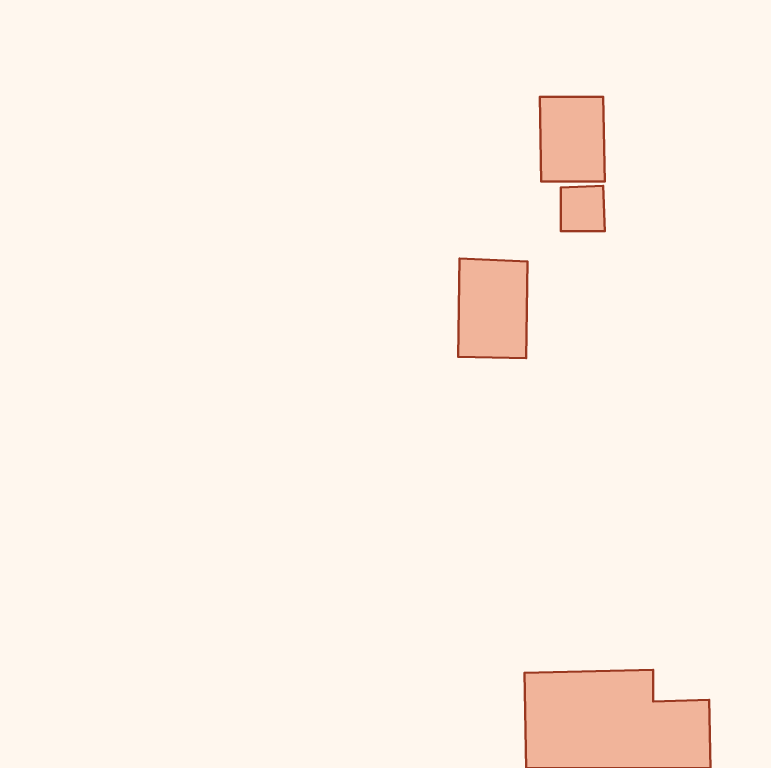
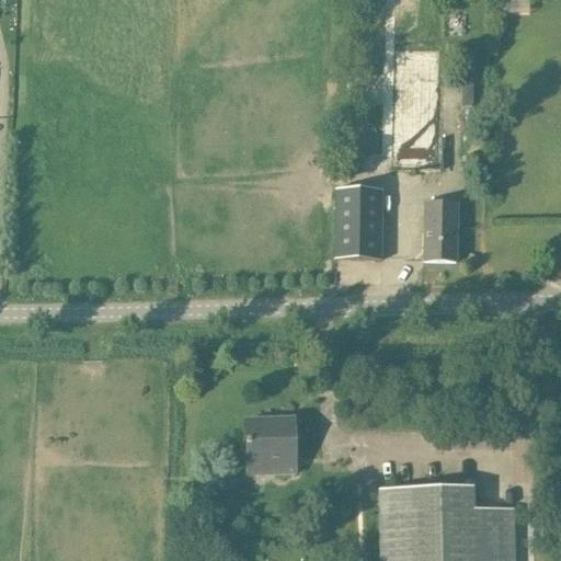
building: none -> [424,202,458,261]
building: none -> [244,419,295,473]

